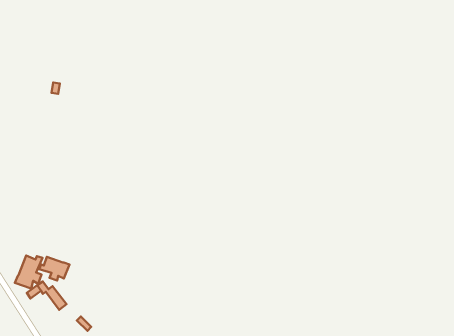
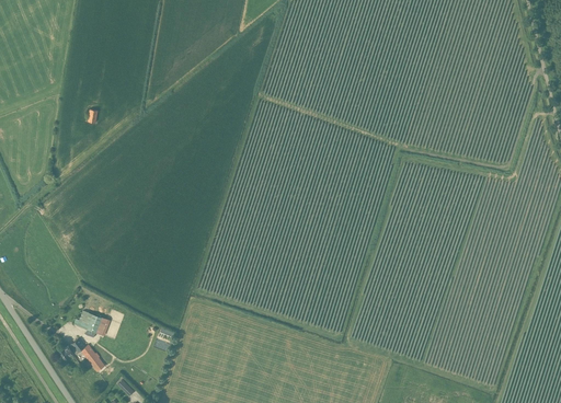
building: [15,255,42,288] -> none

